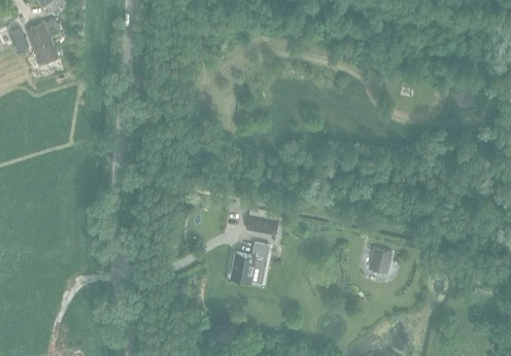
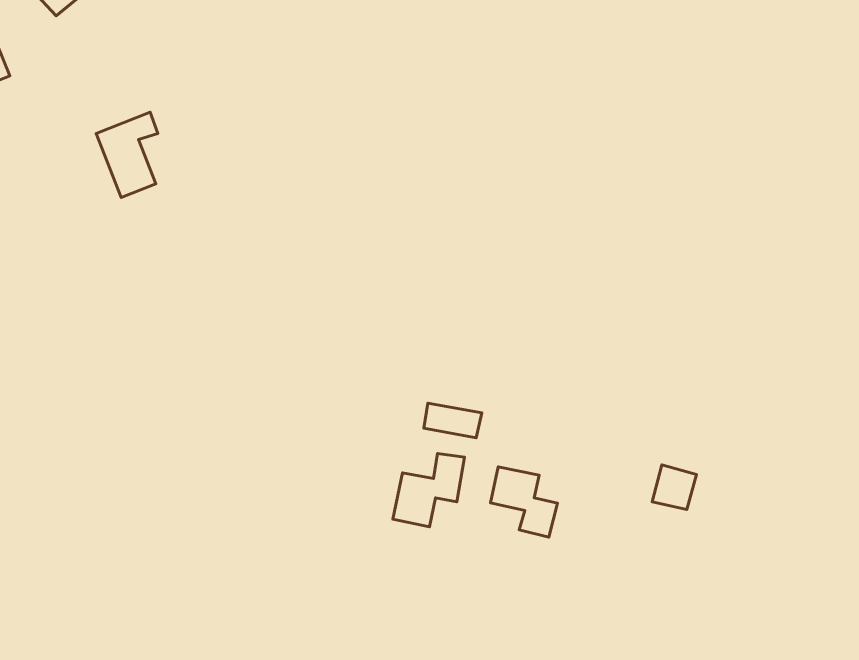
building: [26,20,59,65] -> [96,112,158,197]
building: none -> [491,467,558,537]

